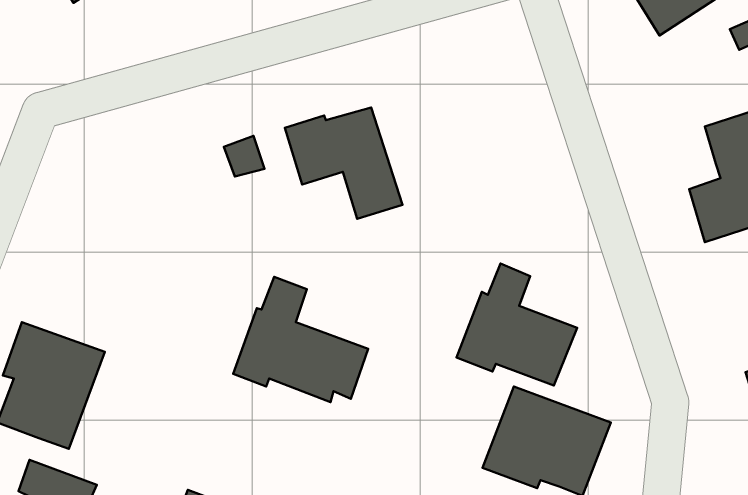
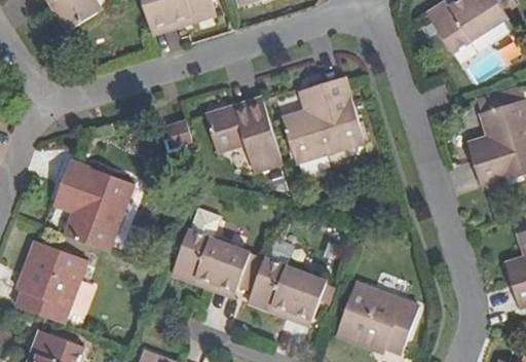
building: none -> [281,75,365,162]
building: none -> [57,160,135,251]
building: [457,263,577,386] -> [247,240,326,320]

